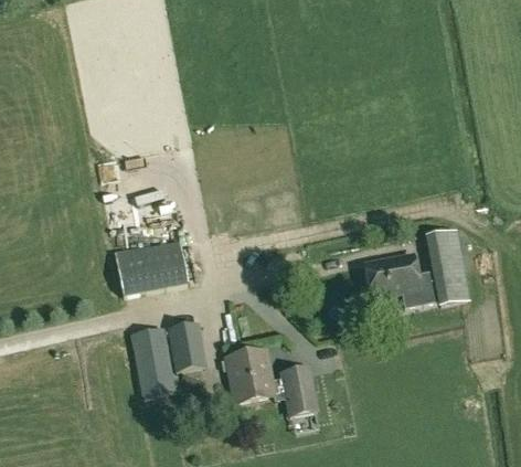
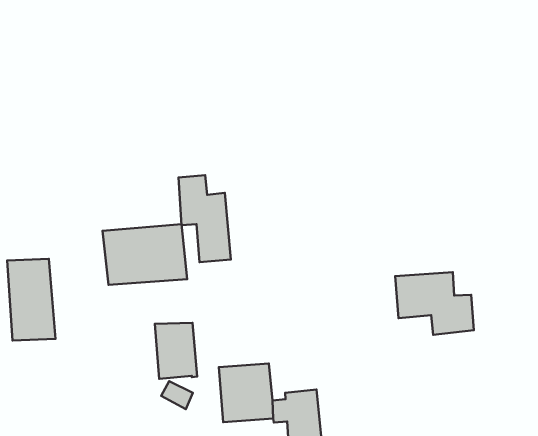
building: none -> [179,175,231,262]
building: [424,229,468,304] -> none
building: [128,326,177,399] -> [7,259,56,341]

